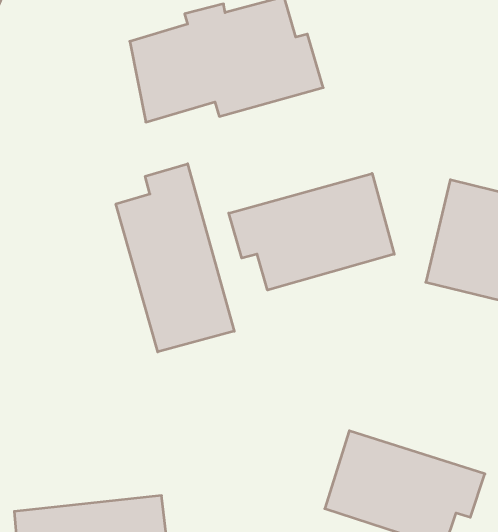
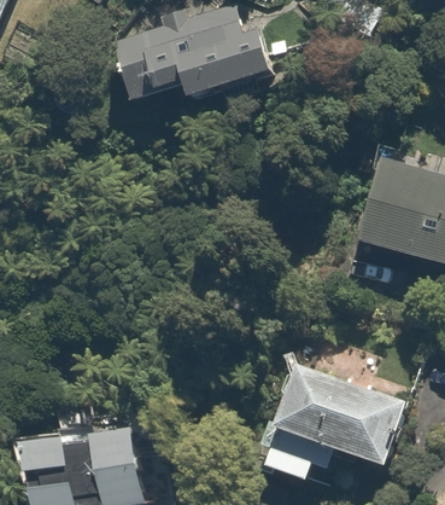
building: [116,164,234,352] -> none
building: [229,173,394,290] -> none

